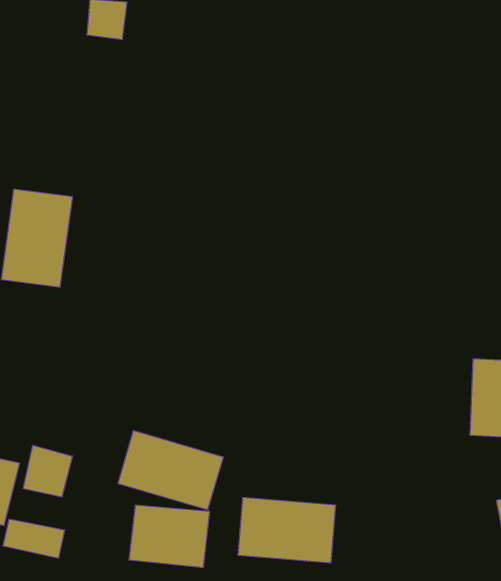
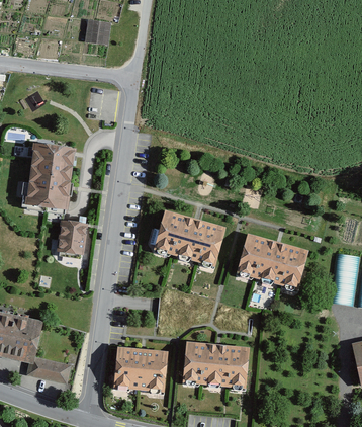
building: none -> [59,222,85,252]
building: none -> [237,235,303,284]
building: [118,431,224,510] -> [153,210,221,262]
building: [23,445,73,497] -> none

